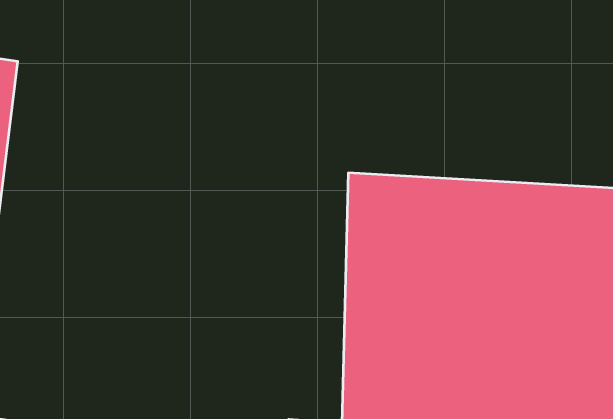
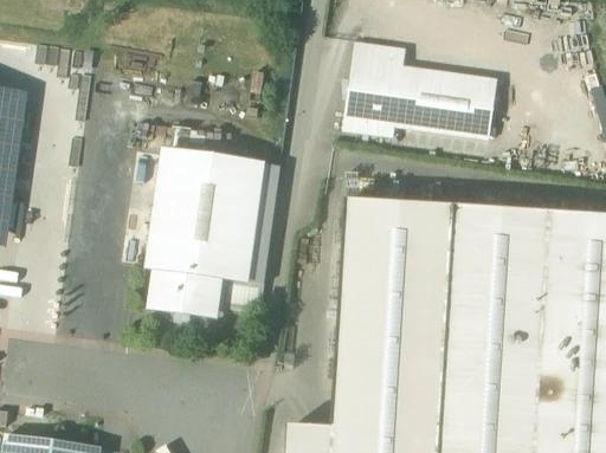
building: none -> [340,41,495,141]
building: none -> [148,149,264,312]

